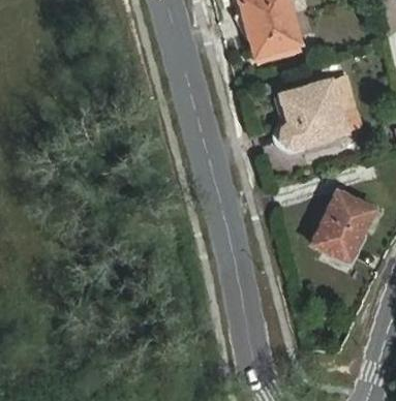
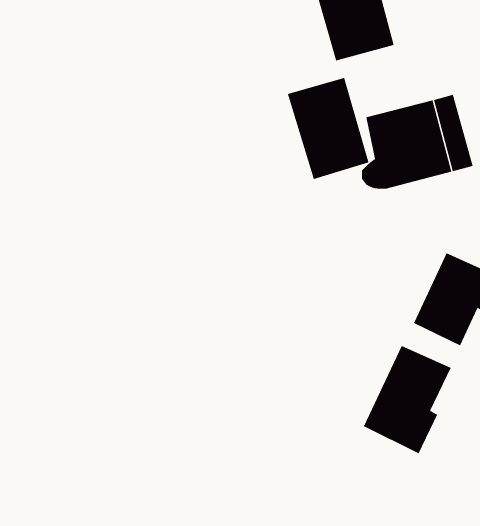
building: none -> [287,77,369,180]
building: none -> [363,345,451,454]

